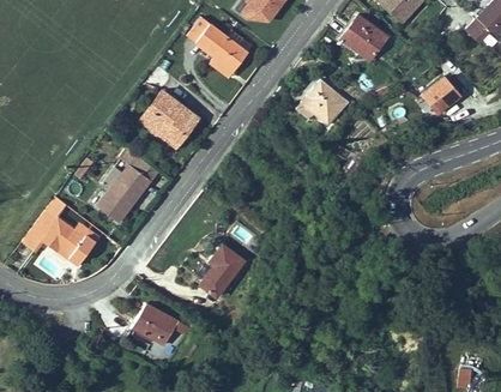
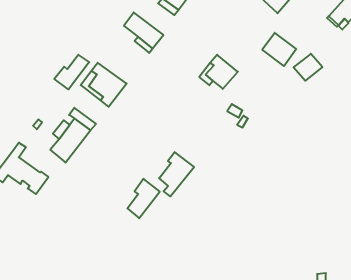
building: [340,16,386,60] -> [262,33,296,66]
building: none -> [54,55,89,89]
building: none -> [159,152,194,196]
building: [132,303,179,345] -> none

